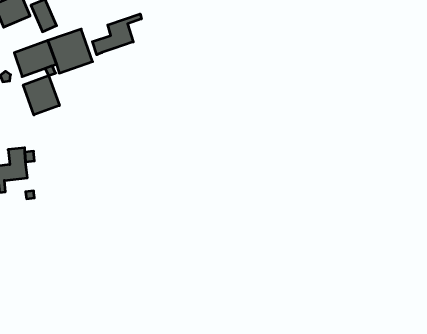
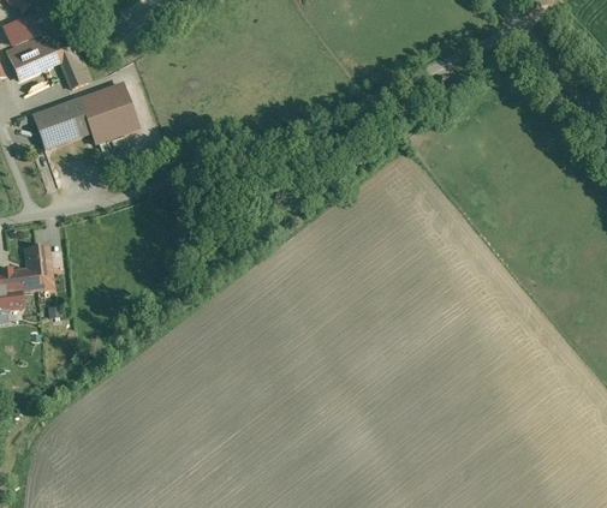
building: [92,14,141,55] -> none
building: [23,76,59,115] -> none

